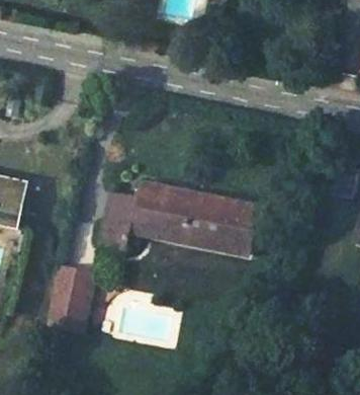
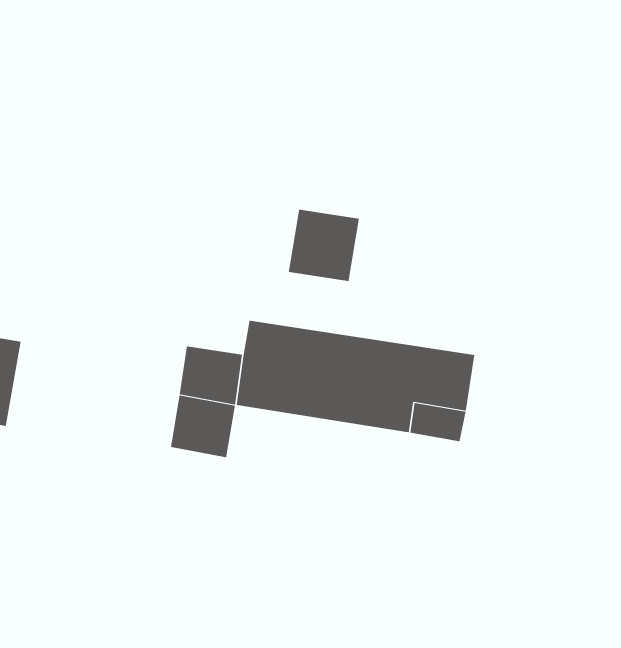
building: none -> [288,209,359,282]
building: [46,269,94,332] -> none

